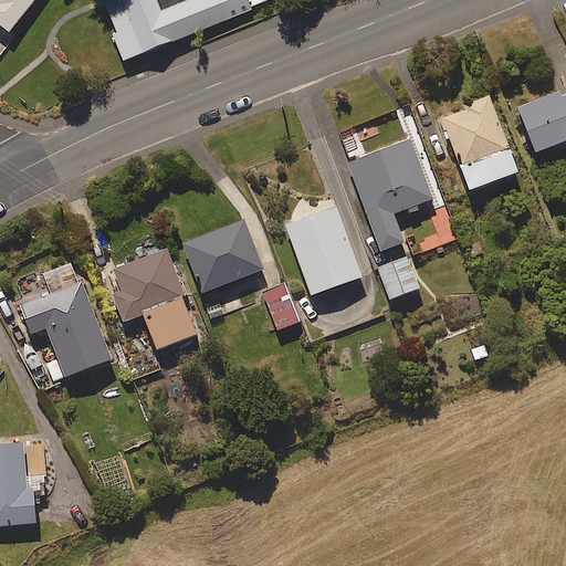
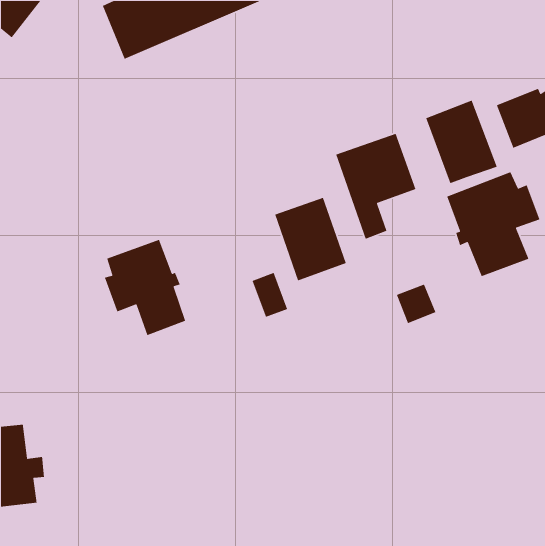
building: none -> [446,171,541,277]
building: [182,219,263,291] -> none
building: [377,255,419,297] -> [396,284,436,324]
building: [19,263,111,378] -> none

